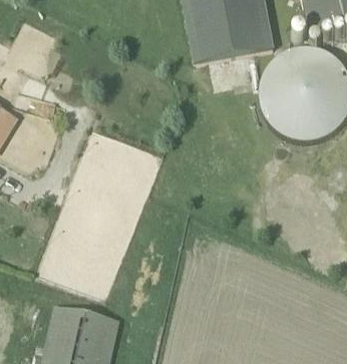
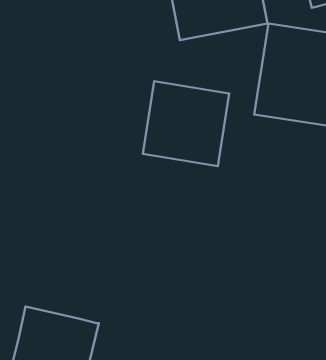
building: none -> [143,81,229,166]

